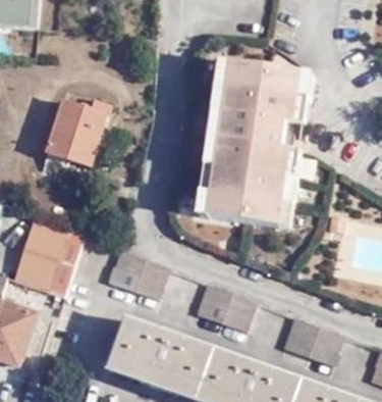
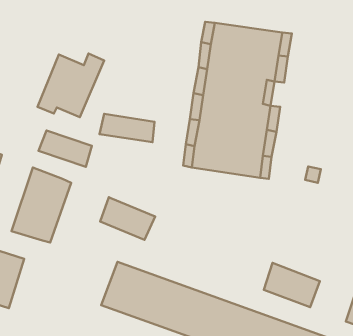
building: none -> [100,114,155,142]
building: none -> [38,131,92,167]
building: [197,284,255,329] -> none

